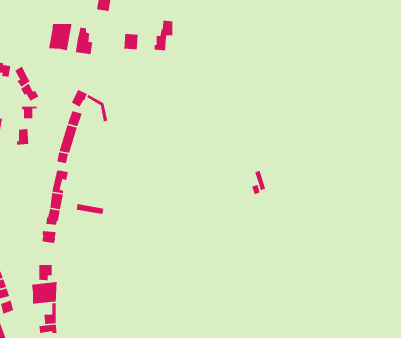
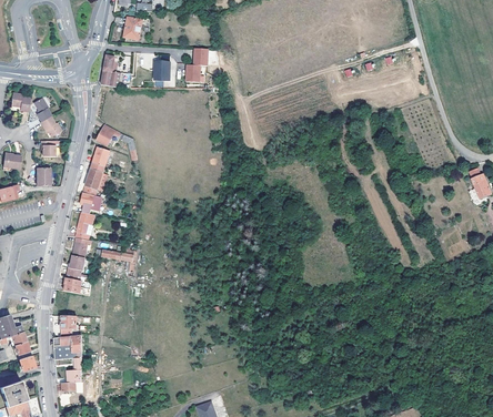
building: [48,23,73,51] -> none

